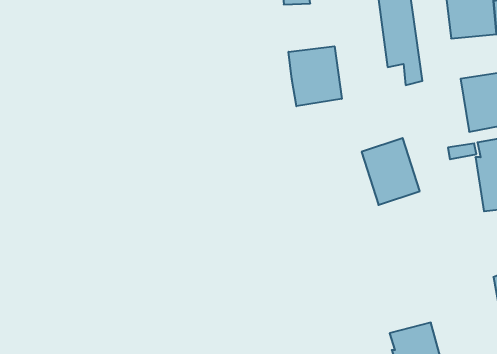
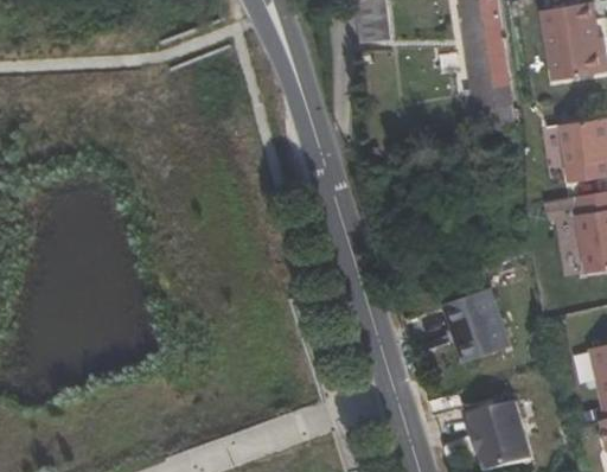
building: [289,46,342,106] -> none
building: [362,138,420,205] -> [454,282,519,357]

